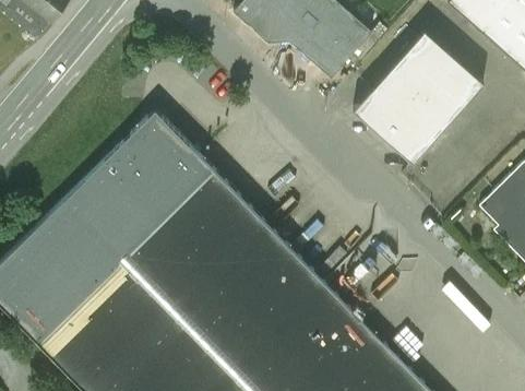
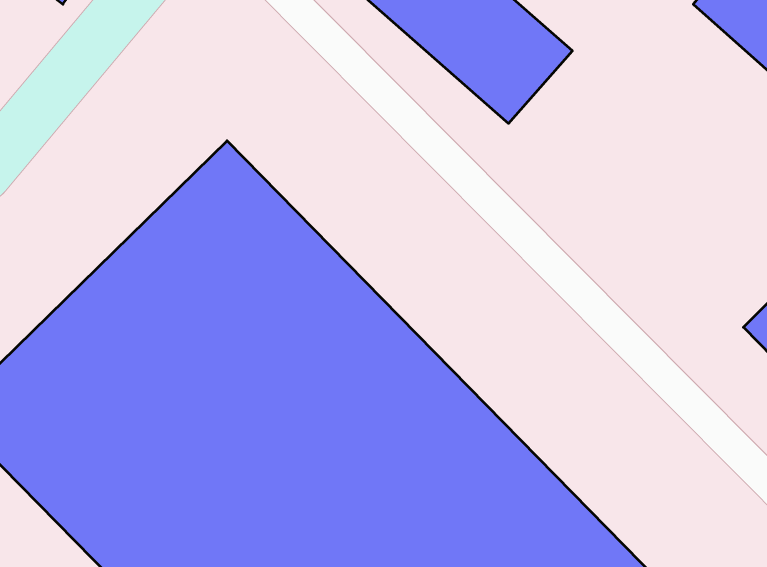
building: [353,32,484,165] -> none

